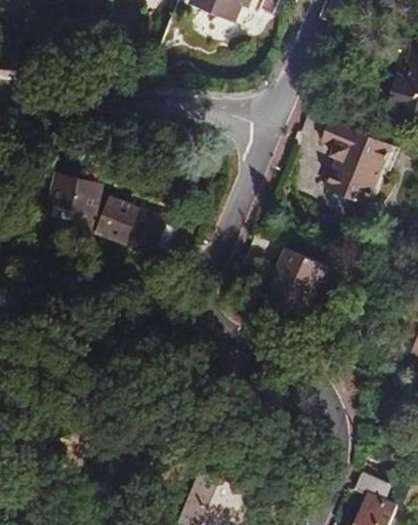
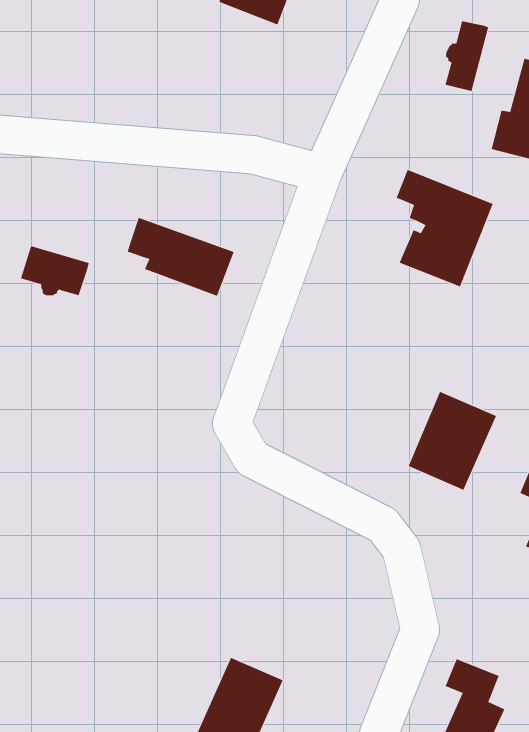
building: none -> [445,20,489,92]
building: [92,195,169,251] -> [127,217,235,296]
building: [263,249,327,320] -> [408,391,497,491]

